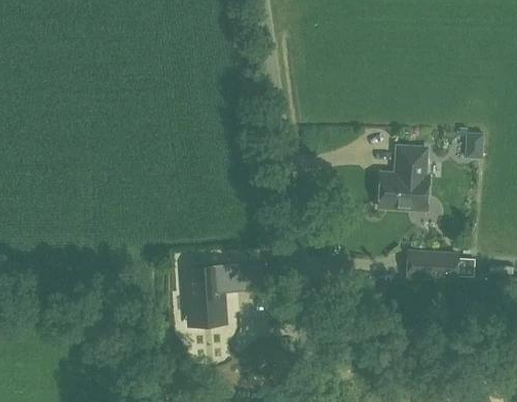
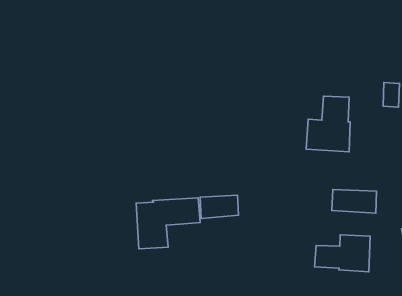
building: none -> [200,195,239,218]
building: none -> [315,235,370,272]

